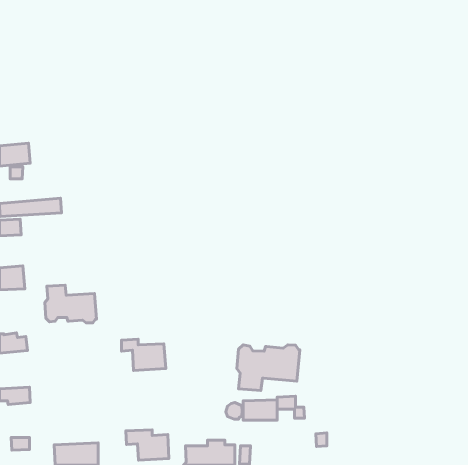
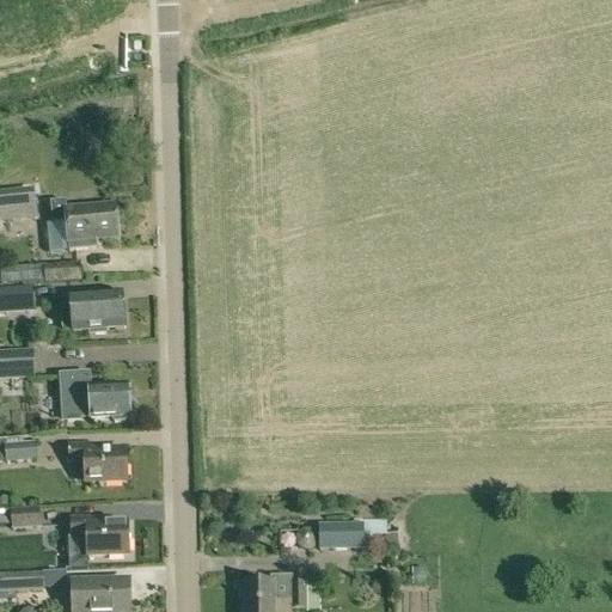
building: none -> [49,196,117,247]
building: none -> [72,290,121,329]
building: [122,339,166,370] -> [68,441,126,482]
building: [237,345,300,391] -> none
building: [126,430,169,460] -> [69,515,126,555]

